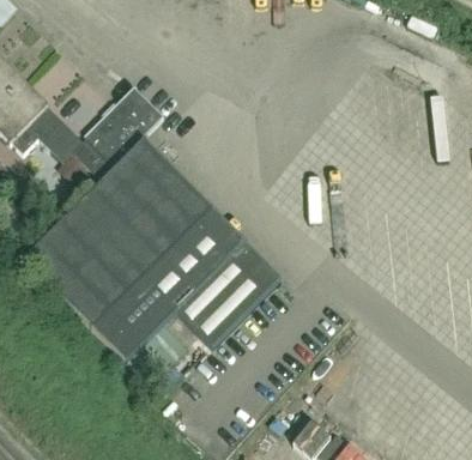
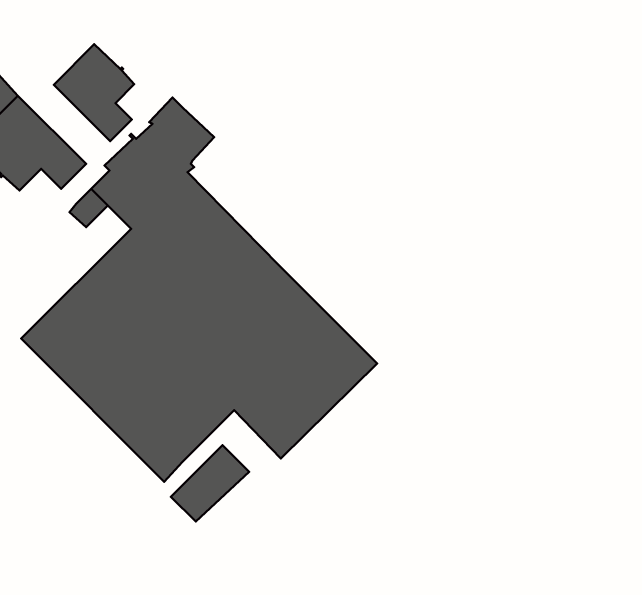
building: none -> [54,44,134,141]

